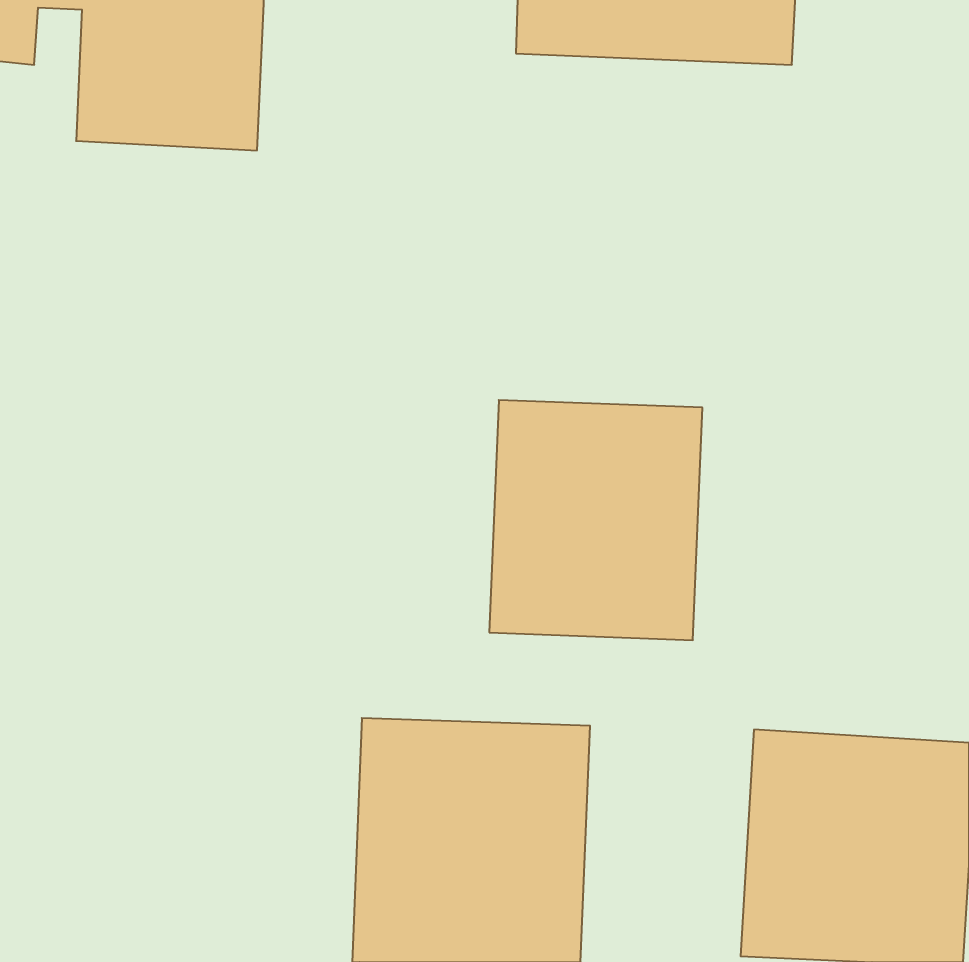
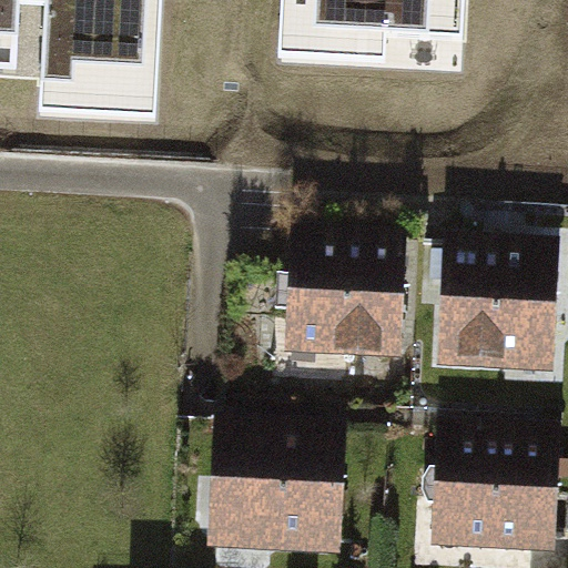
building: none -> [426,245,558,381]

